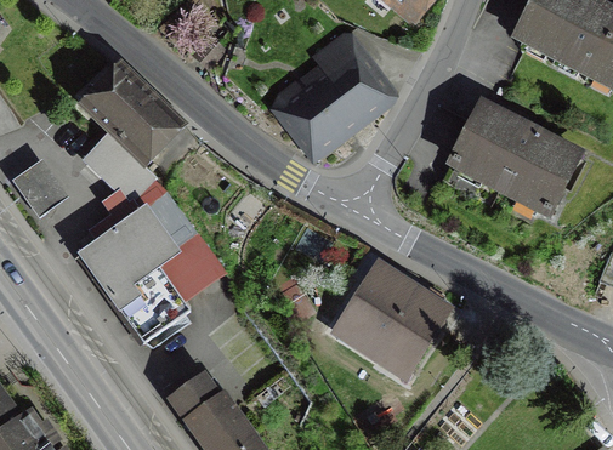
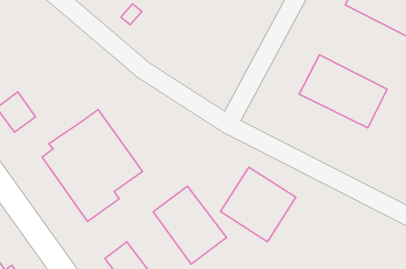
building: [276,35,382,148] -> none
building: [73,58,175,192] -> none
building: none -> [153,186,226,264]

